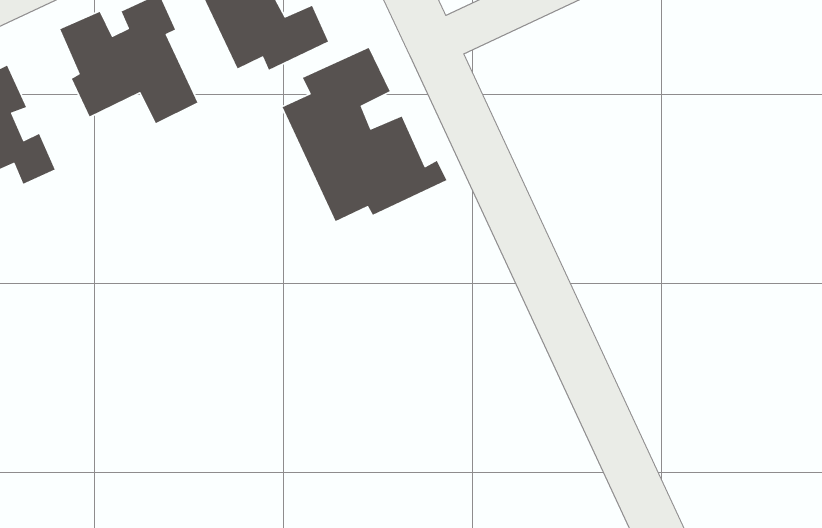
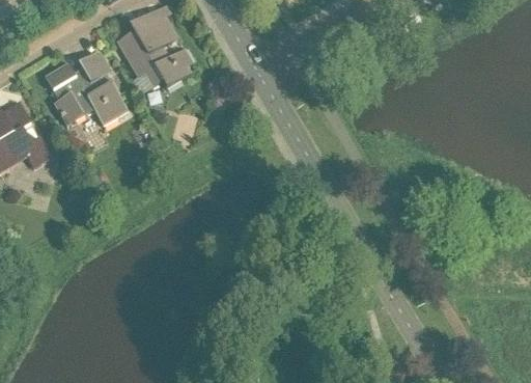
building: [282,47,448,222] -> none

